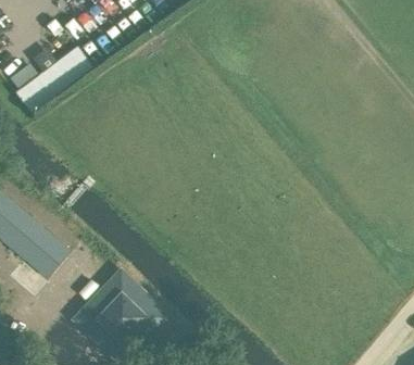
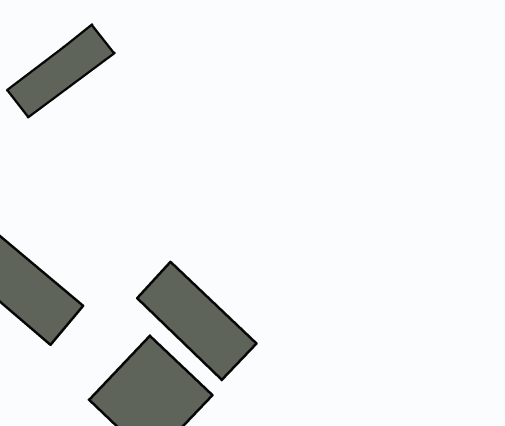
building: none -> [137,262,256,380]

